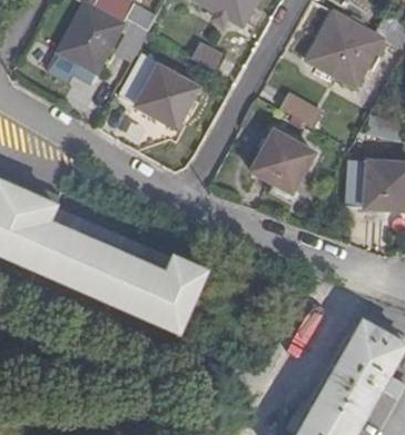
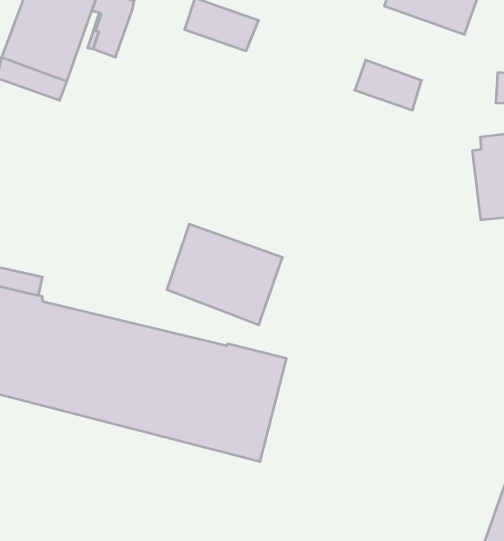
building: [120,57,197,128] -> [167,224,283,325]
building: [250,131,313,192] -> none

